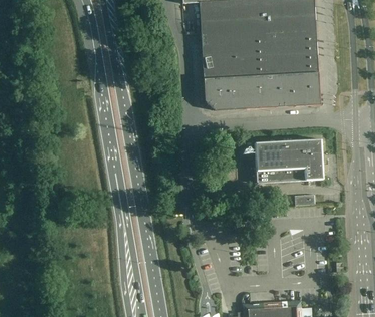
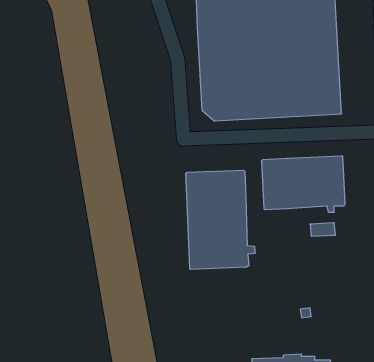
building: none -> [186,170,255,269]

